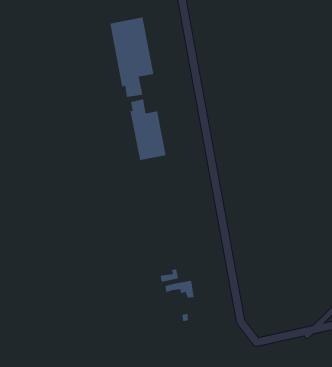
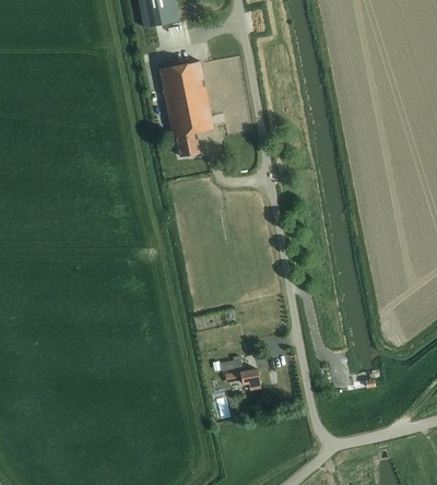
building: [130,99,166,161] -> none

